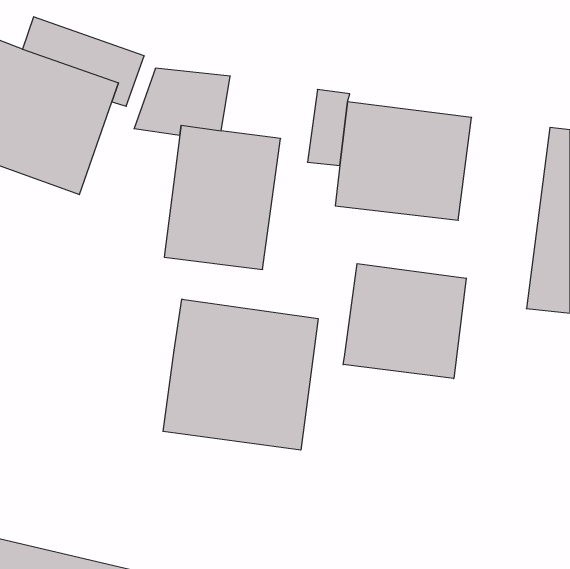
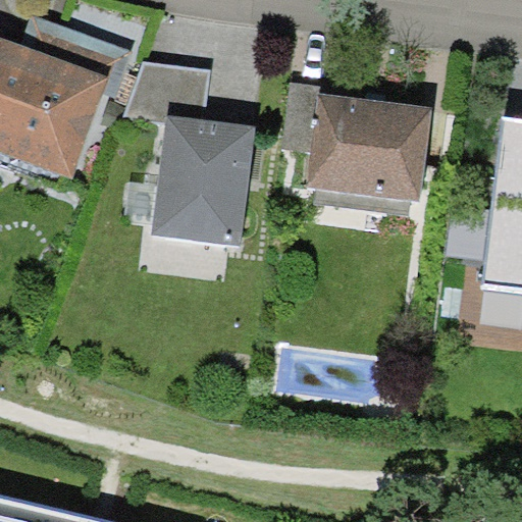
building: [343,264,466,379] -> none
building: [163,299,318,450] -> none

